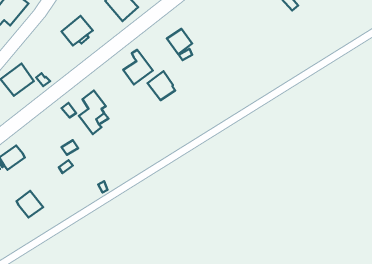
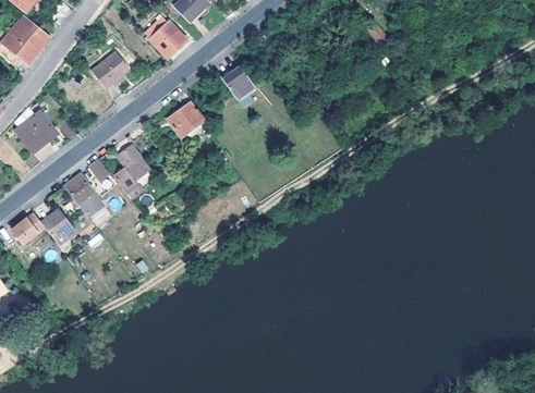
building: [148,71,175,100] -> none
building: none -> [64,173,94,206]
building: [16,191,43,218] -> [41,209,75,243]

